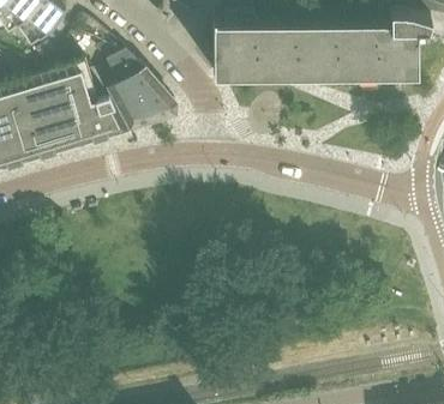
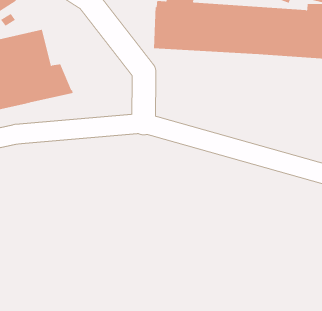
building: [94,44,176,131] -> none

